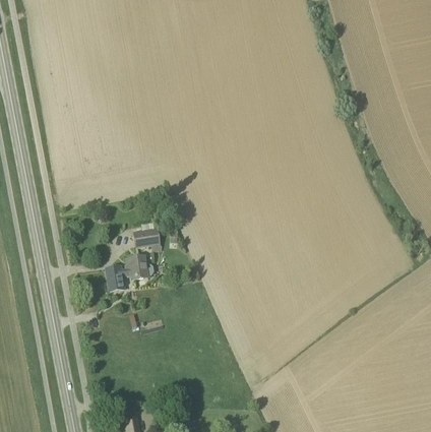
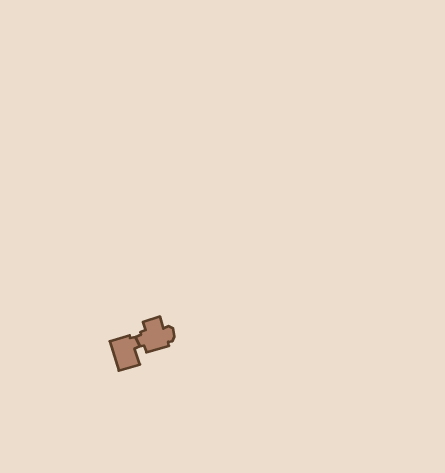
building: [133,228,162,250] -> none

